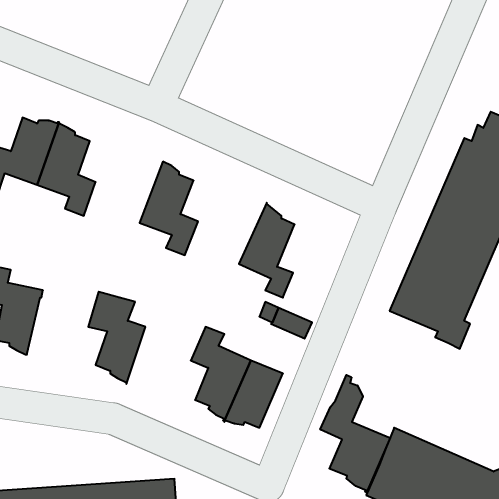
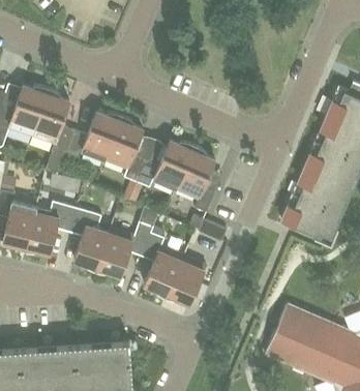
building: none -> [64,112,120,159]
building: none -> [136,141,193,188]
building: none -> [24,201,74,253]
building: none -> [94,221,152,276]
building: [320,375,390,493] -> none

